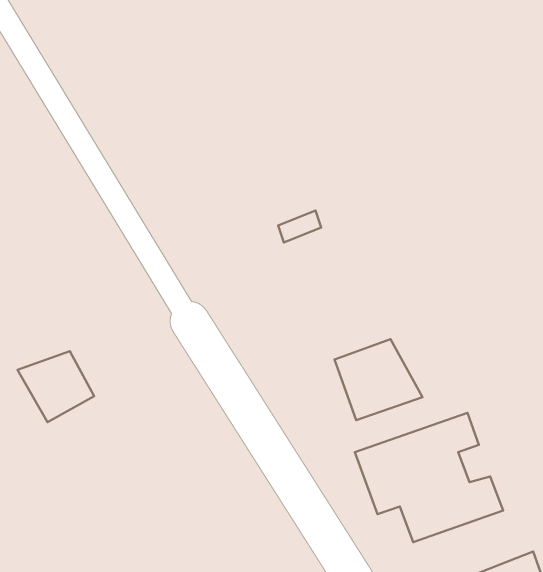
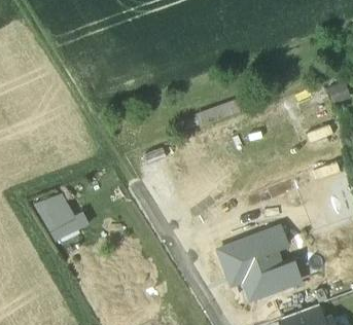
building: [335,339,422,420] -> none

